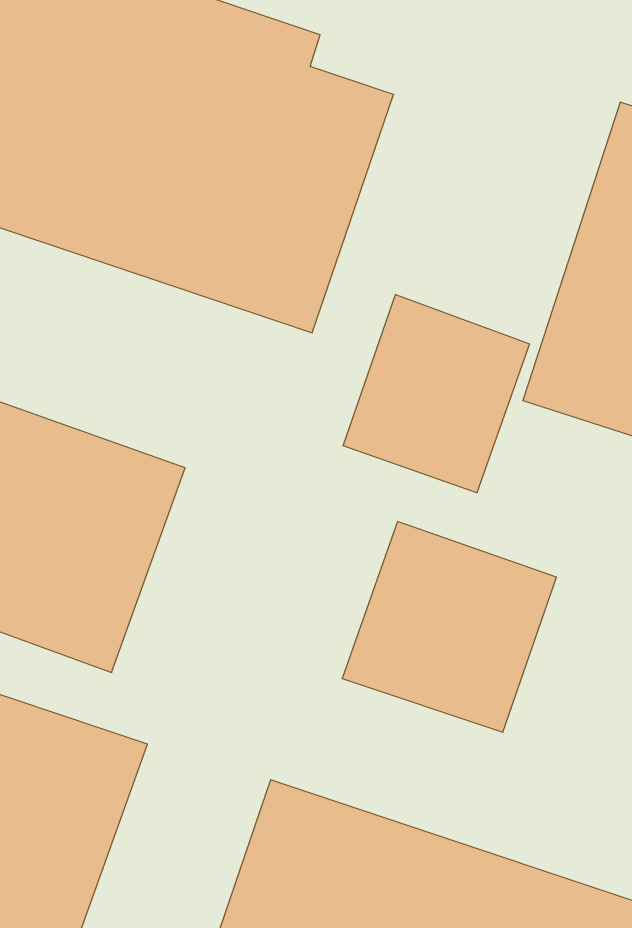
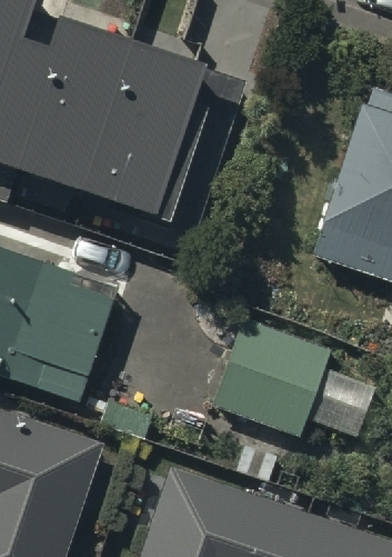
building: [343,294,530,493] -> none

